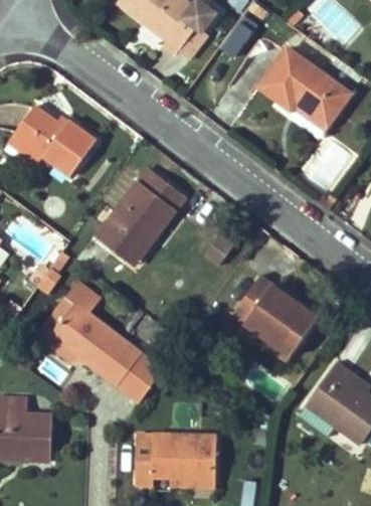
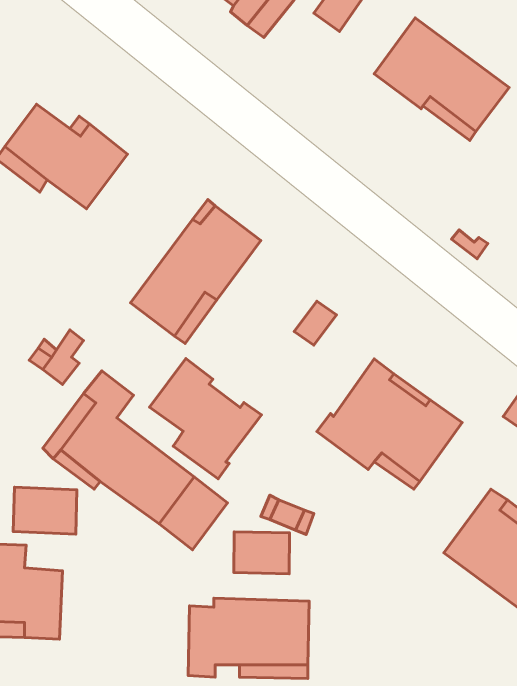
building: none -> [149,359,261,479]
building: none -> [13,487,77,534]
building: none -> [234,532,289,574]

